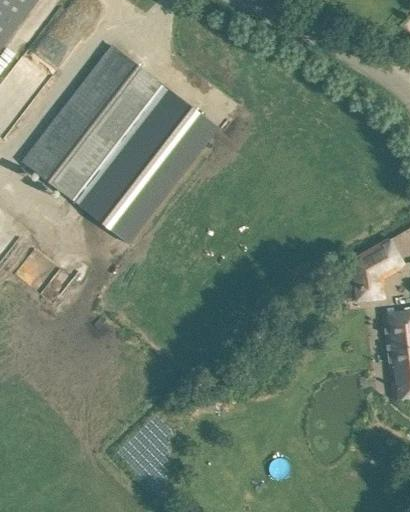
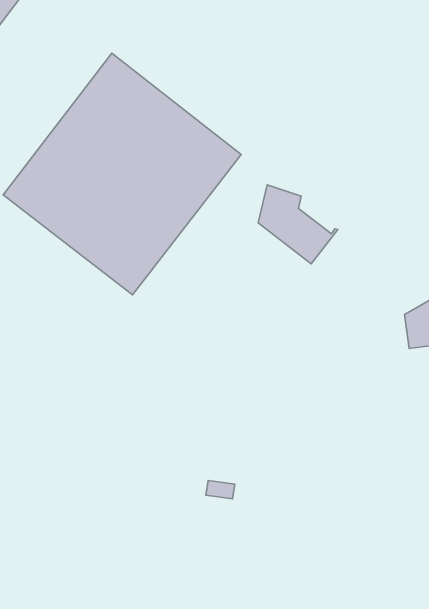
building: none -> [258,185,338,264]

